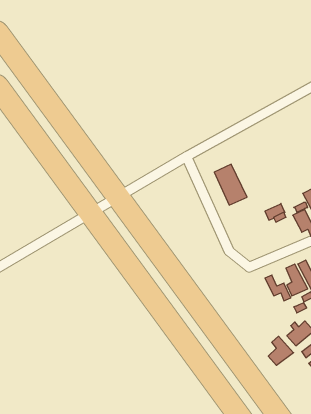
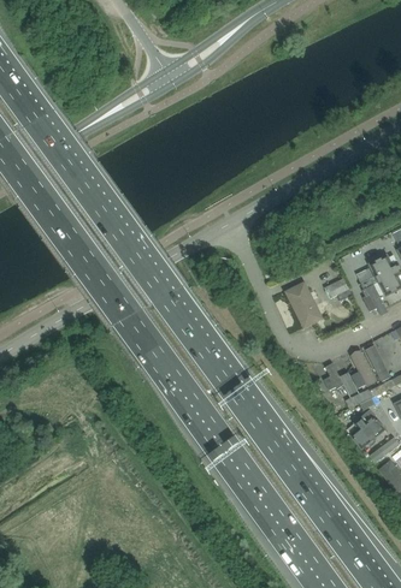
building: [214,164,247,205] -> [283,280,323,329]
building: [268,336,294,365] -> none

